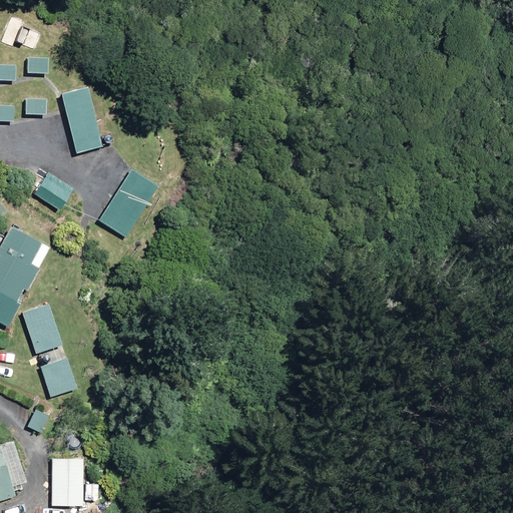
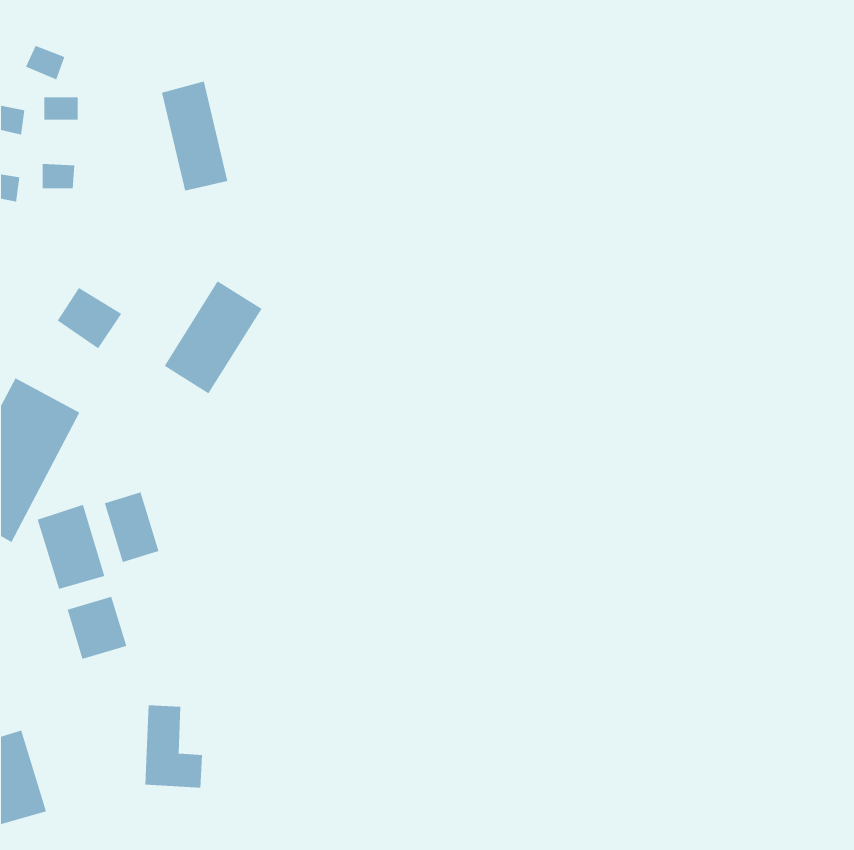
building: [60,86,100,152] -> [161,81,228,191]
building: none -> [104,491,159,563]
building: [50,456,85,506] -> [144,705,203,788]

